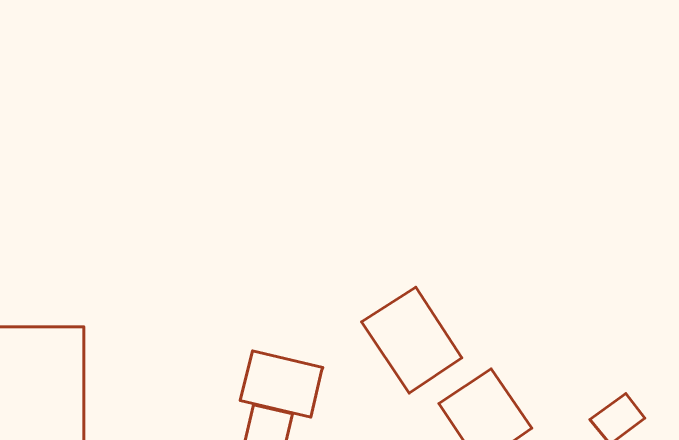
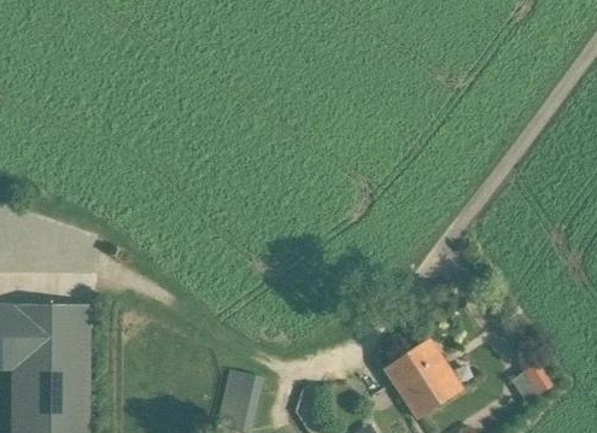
building: [361,287,462,393] -> none
building: [240,351,323,417] -> none

